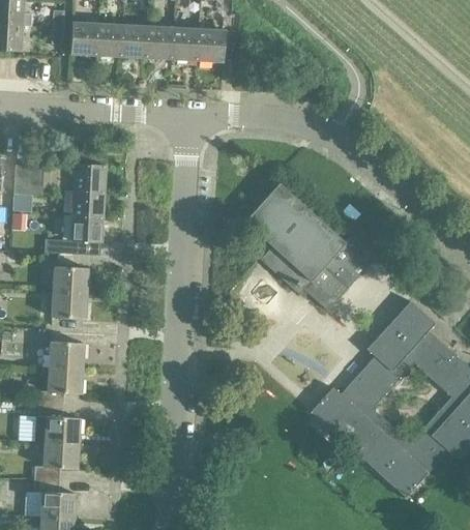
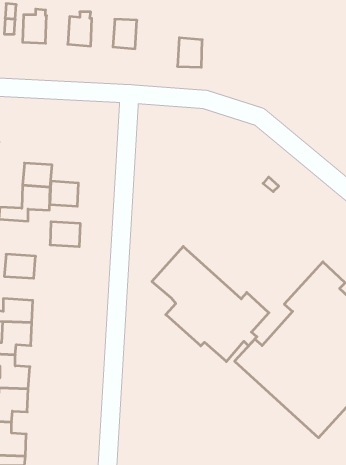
building: [97,23,124,55] -> none
building: [148,26,175,58] -> none
building: [198,28,226,61] -> [177,38,202,67]
building: [74,163,106,190] -> [50,181,78,206]
building: [244,181,376,311] -> [152,246,269,362]
building: [53,265,87,293] -> [50,222,80,247]

